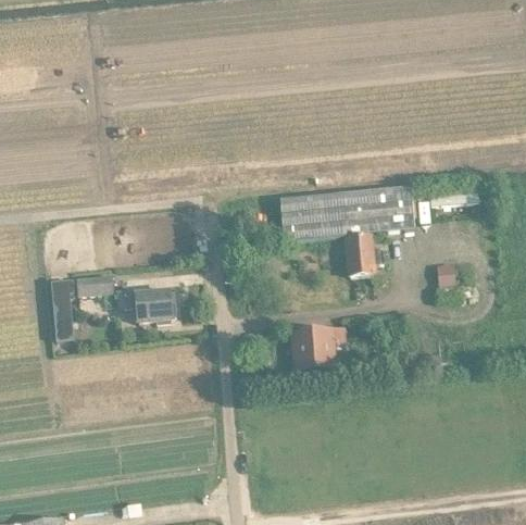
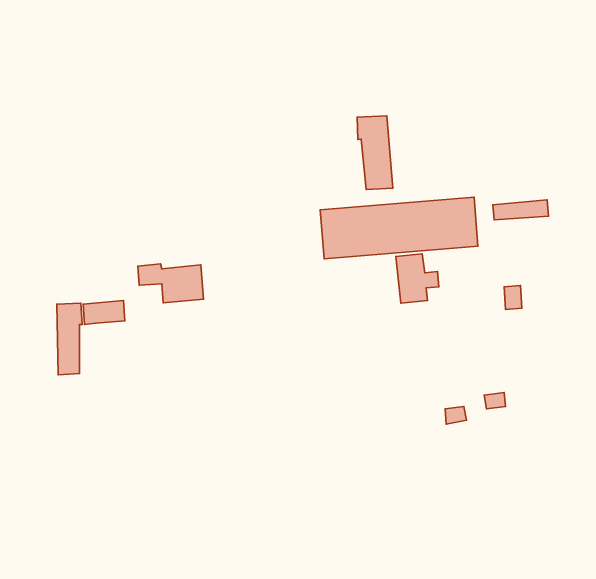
building: none -> [357,116,393,190]
building: [115,288,172,322] -> [138,264,203,303]
building: [289,326,343,371] -> none

